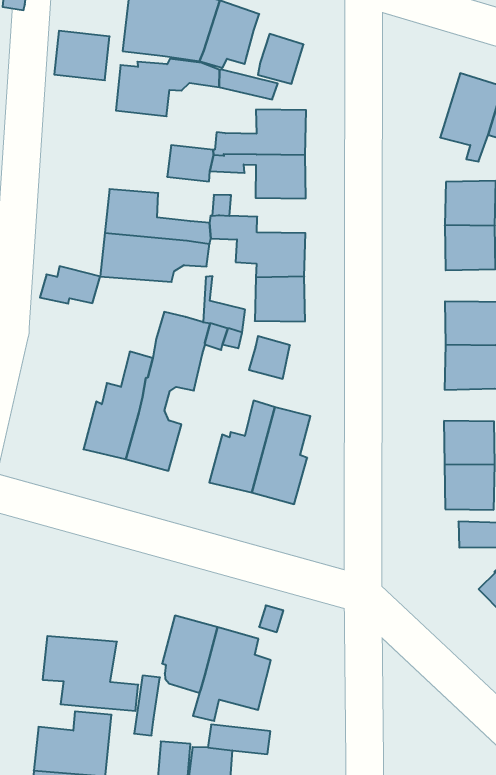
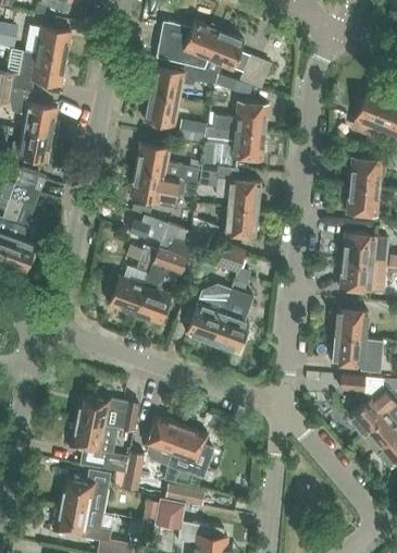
building: [54,31,110,80] -> [142,94,179,127]
building: [40,266,100,304] -> [127,214,166,239]
building: none -> [74,393,138,431]

